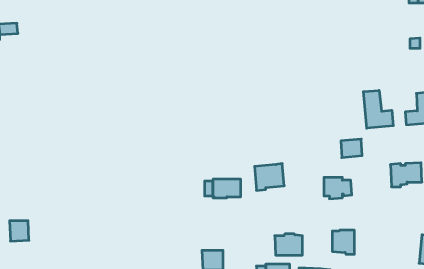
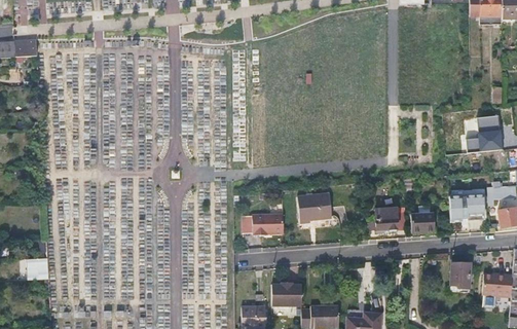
building: [363,90,393,128] -> none
building: [341,139,362,158] -> [410,213,434,233]
building: [332,230,354,254] -> [443,262,468,289]
building: [275,234,302,255] -> [269,284,300,307]

